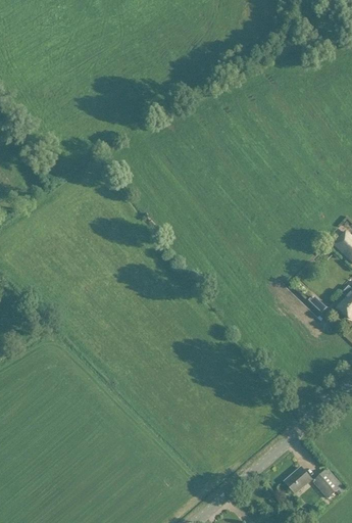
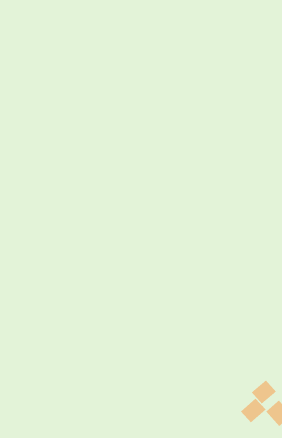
building: none -> [251,379,277,405]

